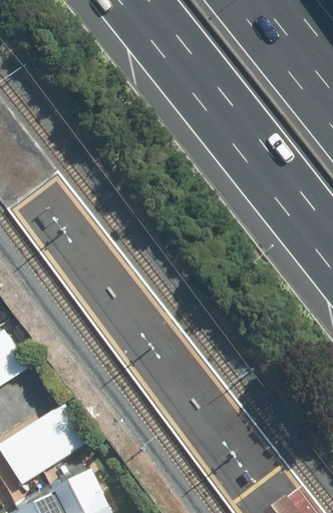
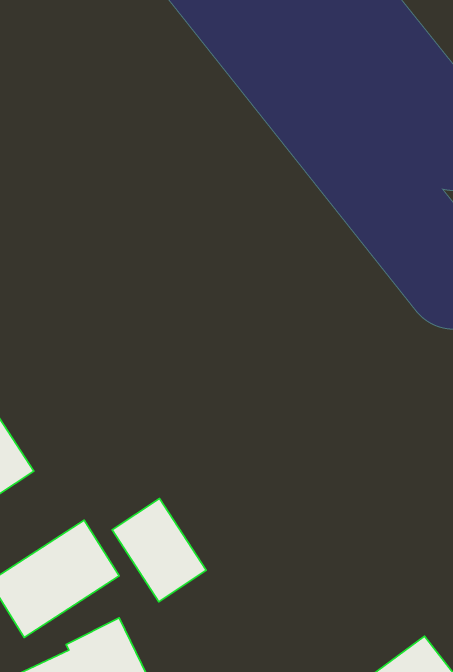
building: none -> [112,498,206,602]

